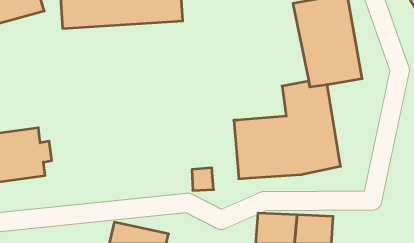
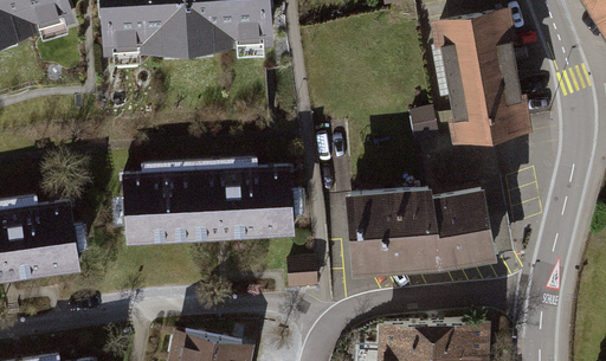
building: none -> [124,166,294,247]

